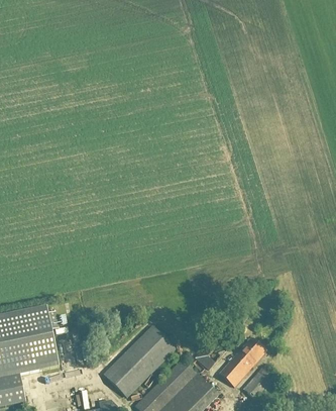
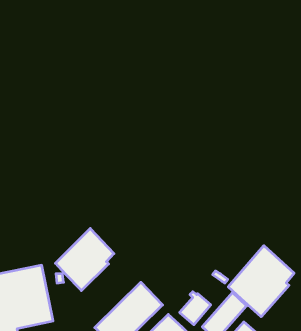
building: none -> [55,228,114,291]
building: none -> [228,246,294,317]

